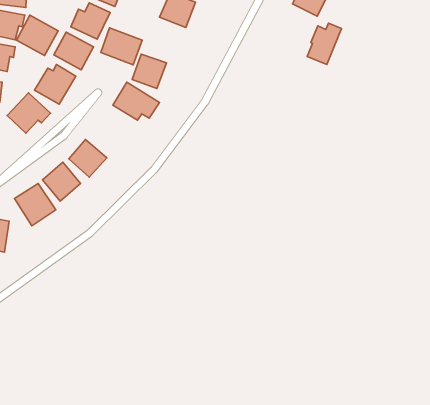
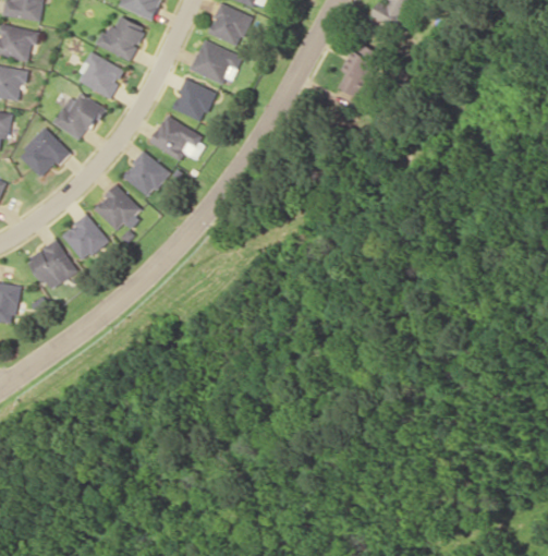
building: [16,15,58,56] -> none
building: [307,23,342,65] -> [338,46,380,97]
building: [101,28,142,65] -> [190,39,241,85]
building: none -> [122,150,169,197]

